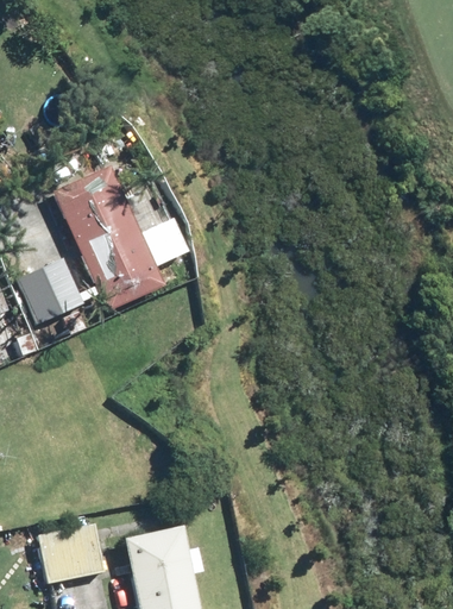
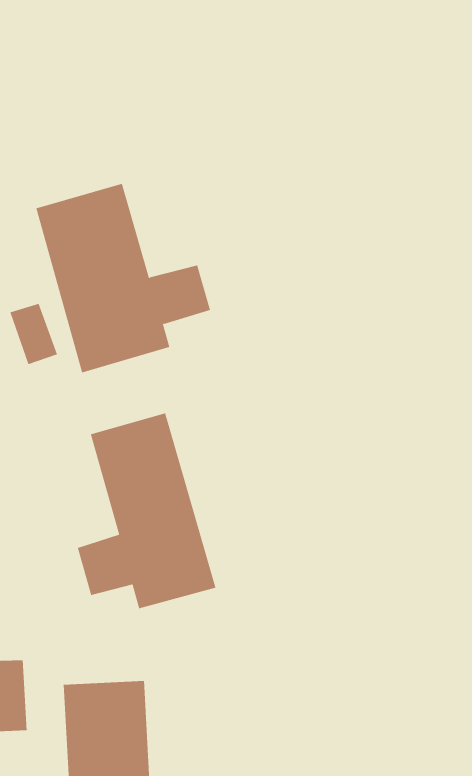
building: none -> [77,412,216,609]

